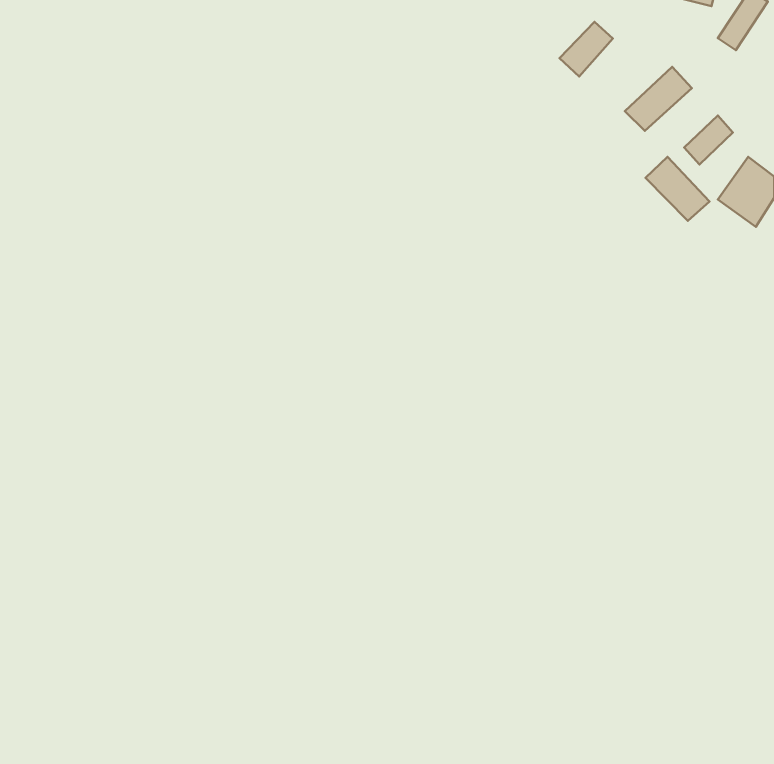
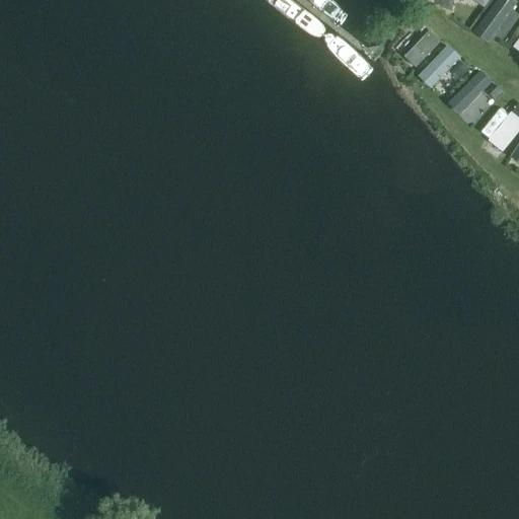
building: [560,22,613,77] -> [405,29,441,66]
building: [646,157,710,221] -> none

